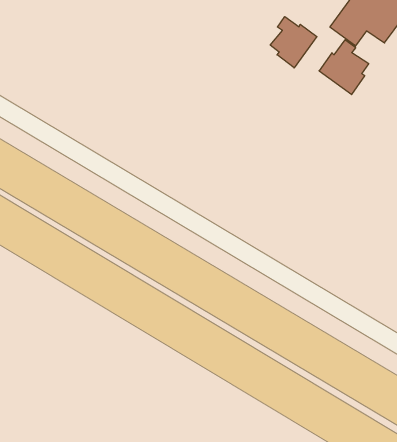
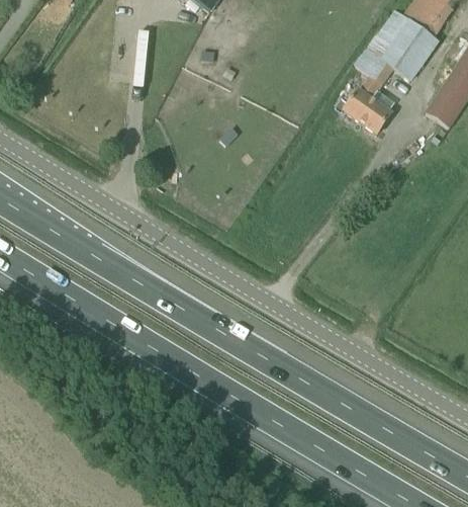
building: [270,17,317,68] -> none

